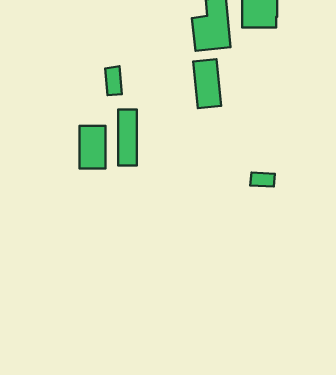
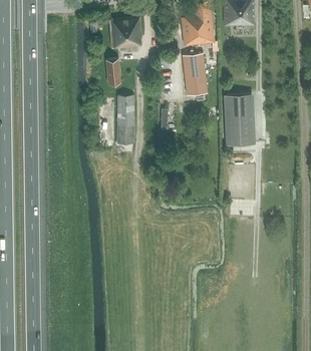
building: none -> [109,18,141,53]
building: none -> [224,94,255,146]
building: [79,126,106,168] -> none

